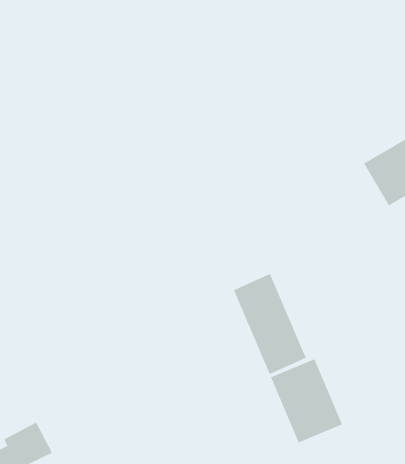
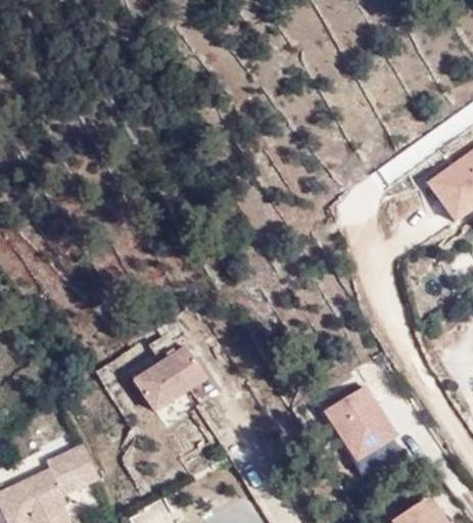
building: [233,273,307,375] -> none
building: none -> [133,342,209,412]

